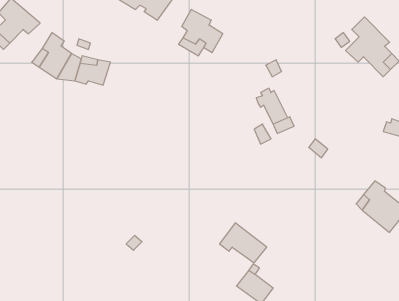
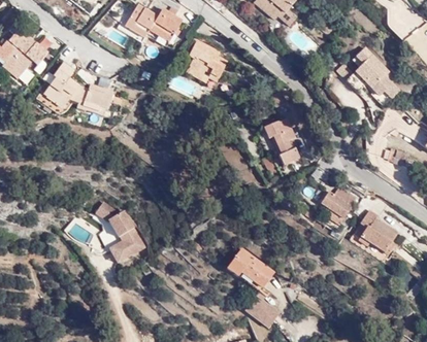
building: none -> [318,185,358,225]
building: none -> [100,200,149,263]

